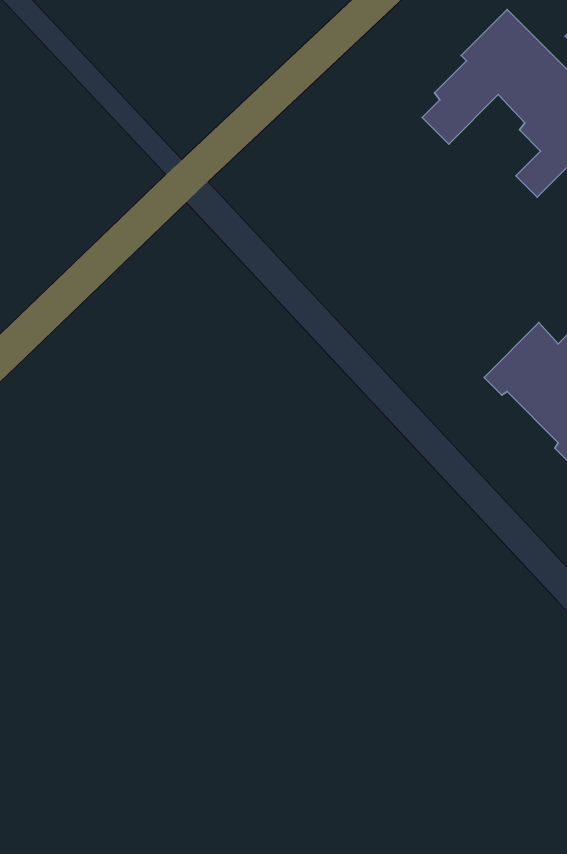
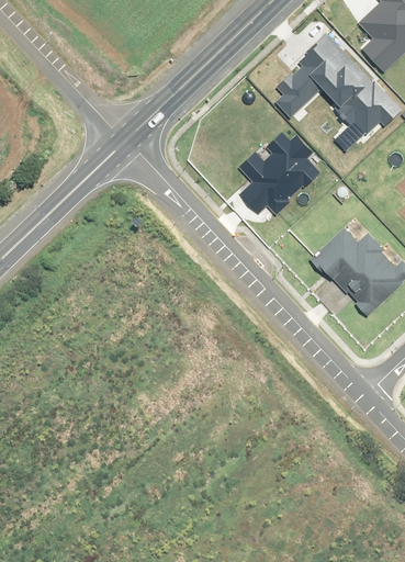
building: none -> [238,133,322,214]

